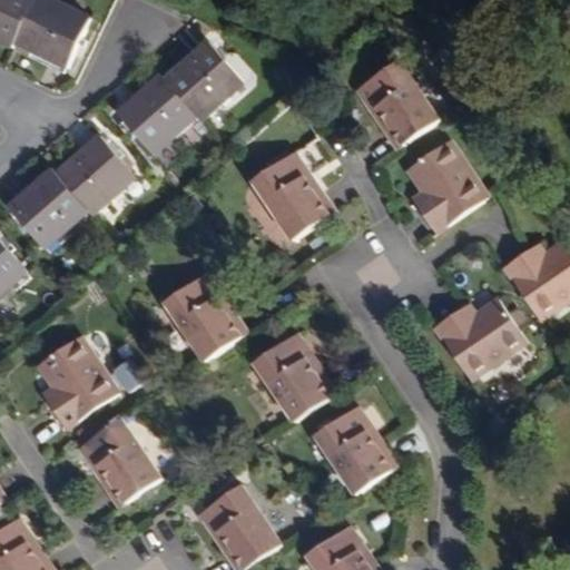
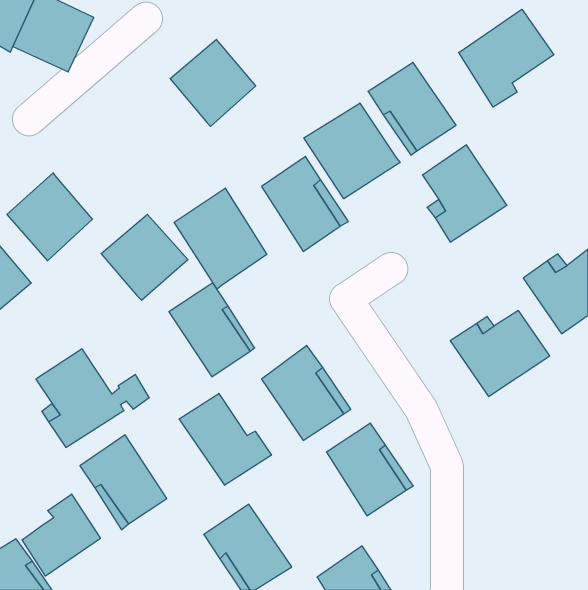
building: none -> [459,9,554,107]
building: [116,71,199,156] -> none
building: none -> [304,103,400,199]
building: [55,132,138,215] -> [101,214,188,300]
building: none -> [174,188,267,289]
building: none -> [179,393,271,485]
building: none -> [22,494,100,576]

